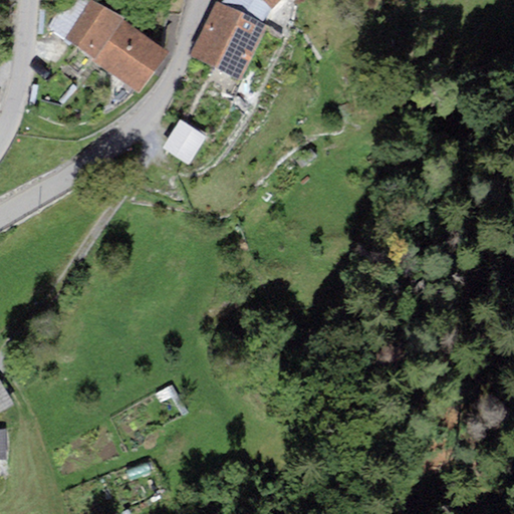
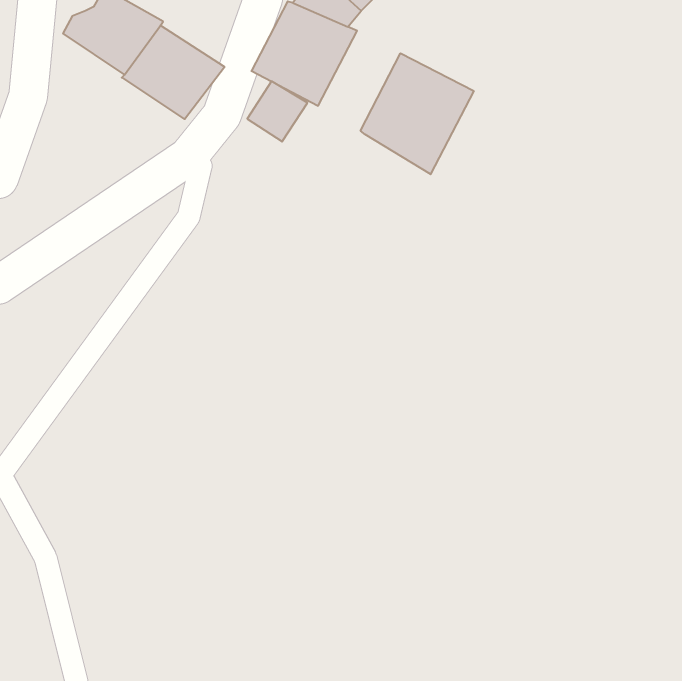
building: none -> [361,53,474,174]
building: [161,118,206,164] -> [247,81,307,142]

